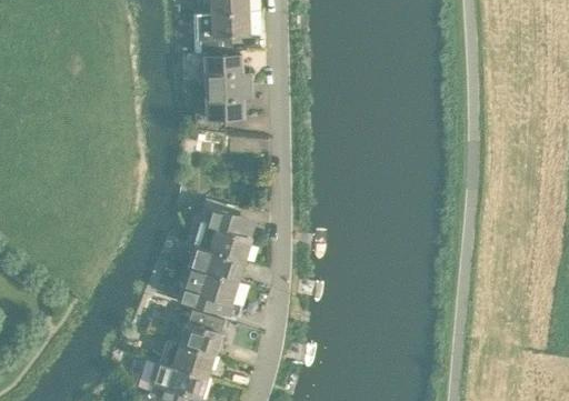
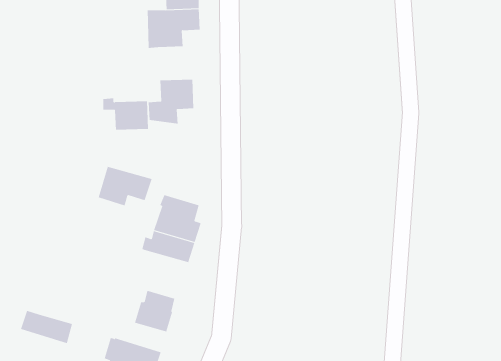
building: [193,53,242,88] -> [103,98,149,130]
building: [180,268,238,310] -> [98,166,152,206]
building: [159,340,214,375] -> [20,310,73,344]

